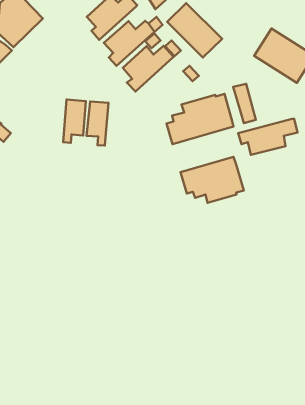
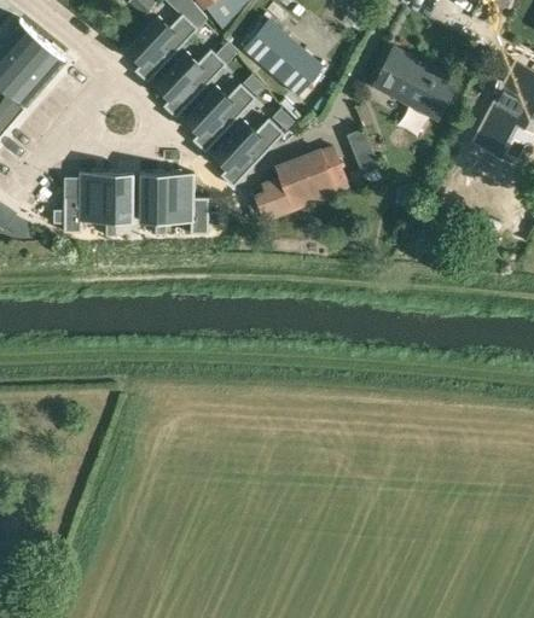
building: none -> [213,118,284,187]
building: none -> [56,171,108,233]
building: none -> [168,171,221,233]
building: [238,119,298,155] -> none
building: [181,157,244,203] -> none

